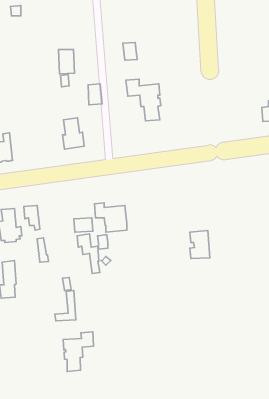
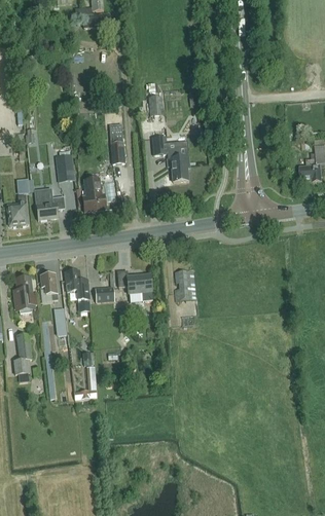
building: [58,49,75,74] -> [59,152,76,179]
building: none -> [35,192,65,219]
building: [190,230,210,259] -> [174,268,195,299]
building: [77,234,100,273] -> [65,269,89,312]
building: [63,332,93,371] -> none

